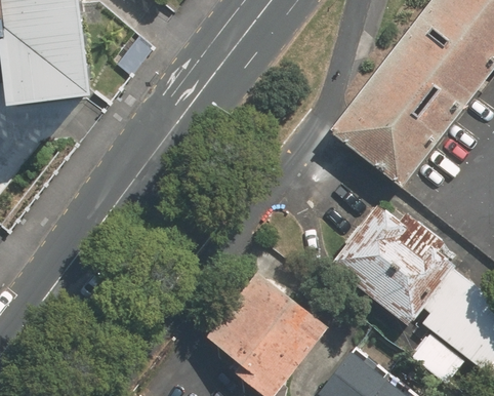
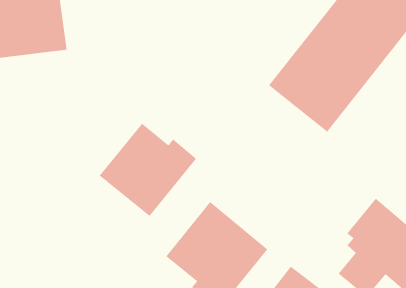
building: none -> [99,123,197,217]
building: [328,201,456,327] -> none

